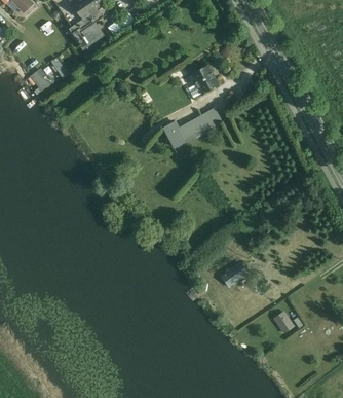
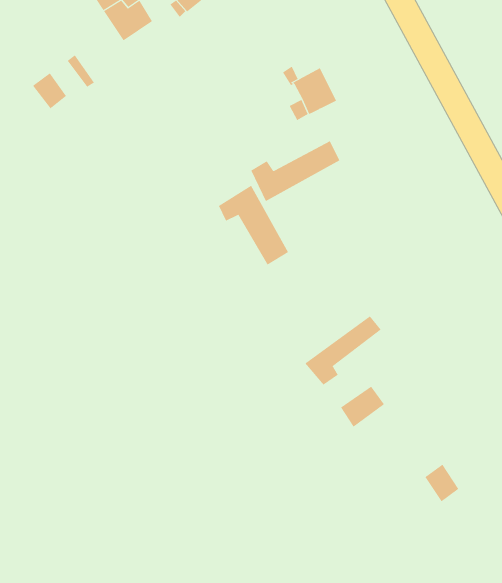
building: none -> [218,185,289,265]
building: none -> [305,315,382,385]

